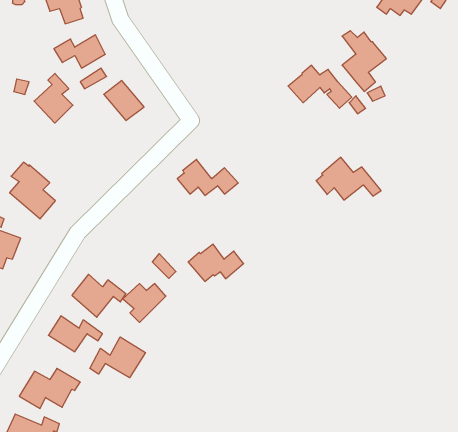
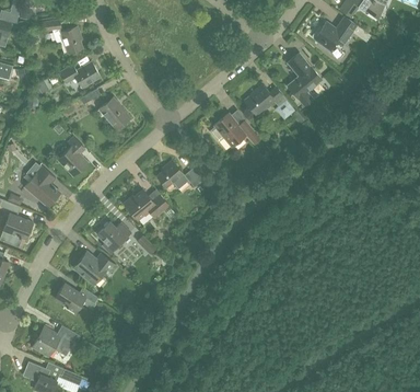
building: [34,73,73,123] -> [57,136,88,175]
building: [316,157,381,200] -> [209,112,260,146]
building: [188,244,244,281] -> [124,188,167,218]
building: [123,284,166,322] -> [96,221,130,252]
building: [90,337,145,378] -> none

